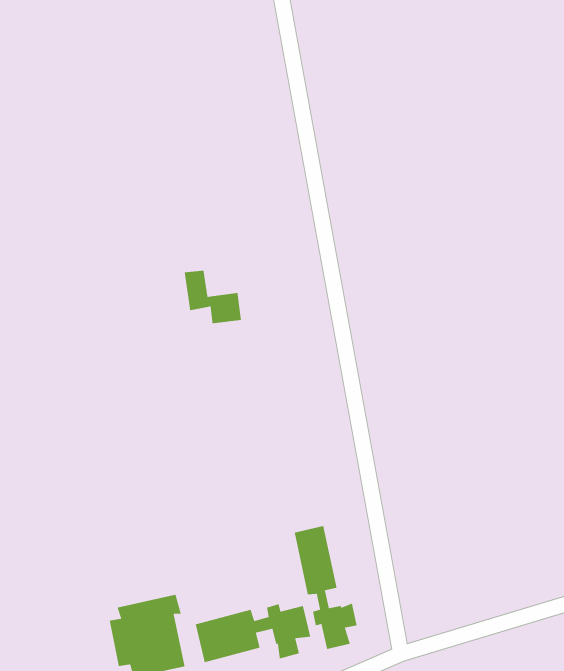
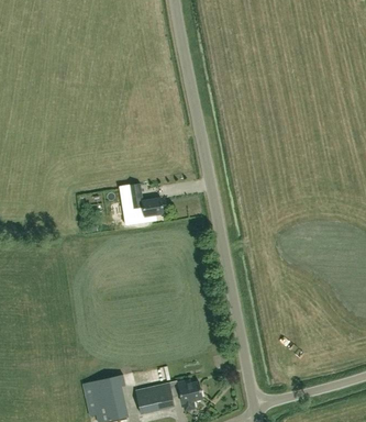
building: [294,525,358,650] -> none

